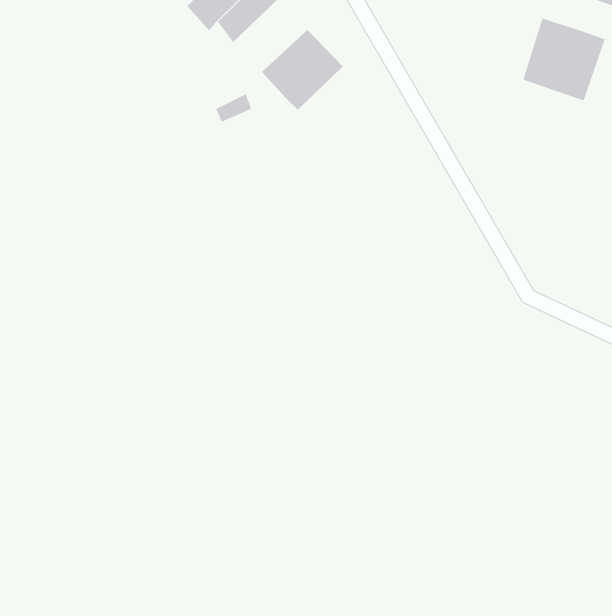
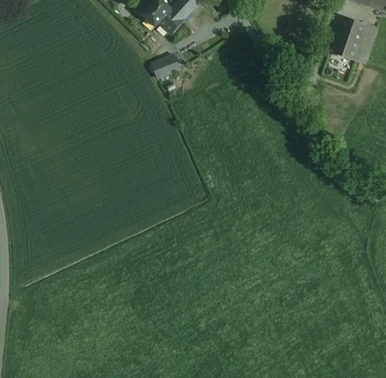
building: [261,29,343,111] -> none

